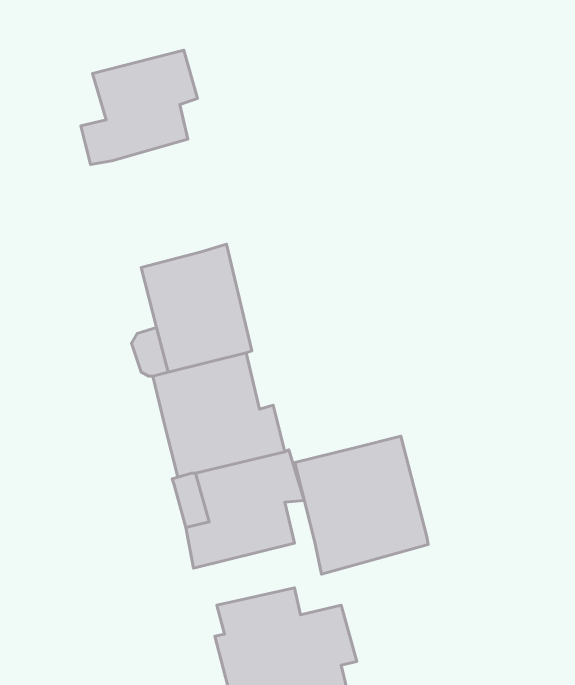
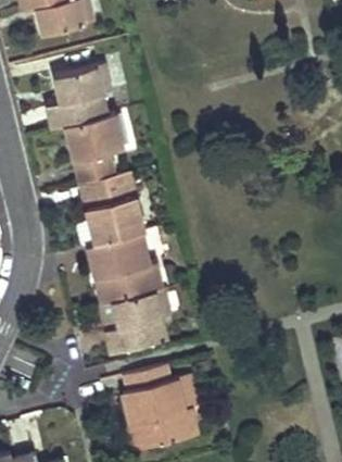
building: none -> [65,113,124,186]
building: [295,436,428,574] -> none

